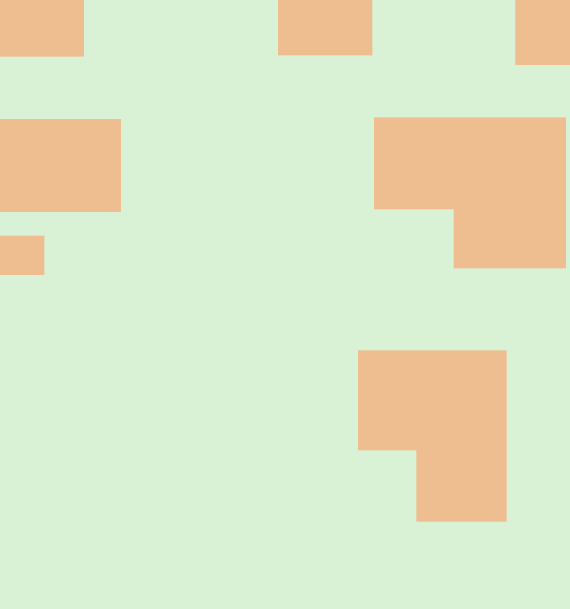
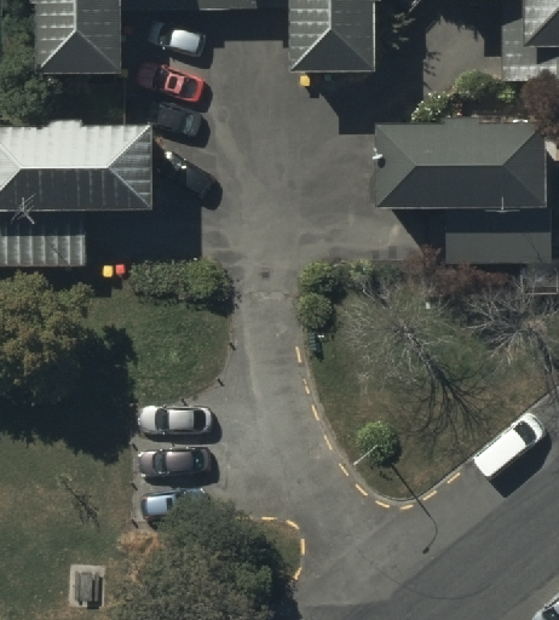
building: [357,349,508,522] -> none

